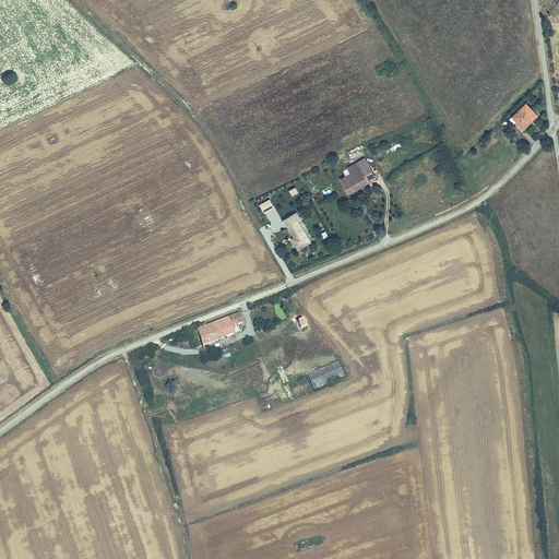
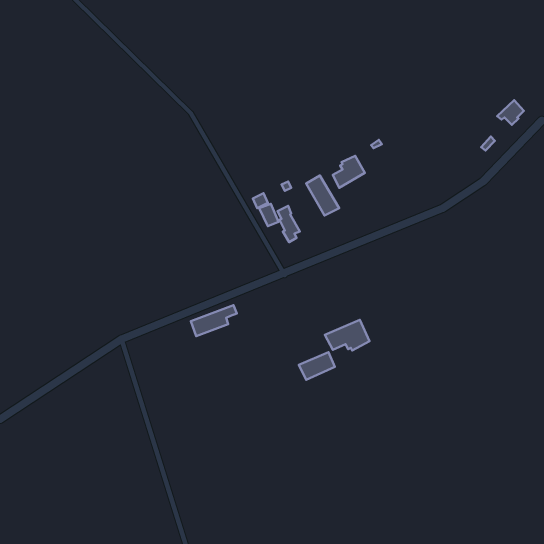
building: none -> [306,175,339,215]
building: none -> [325,320,369,350]

